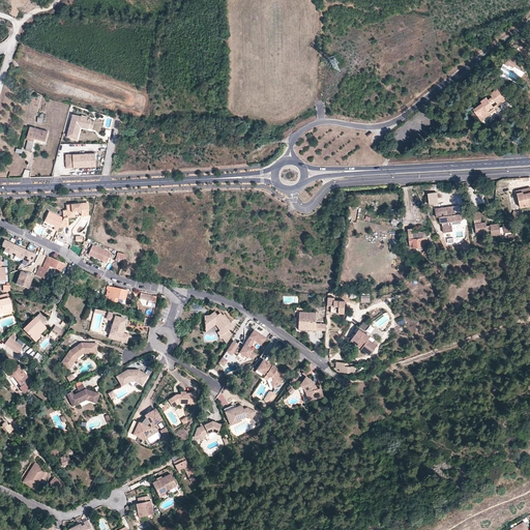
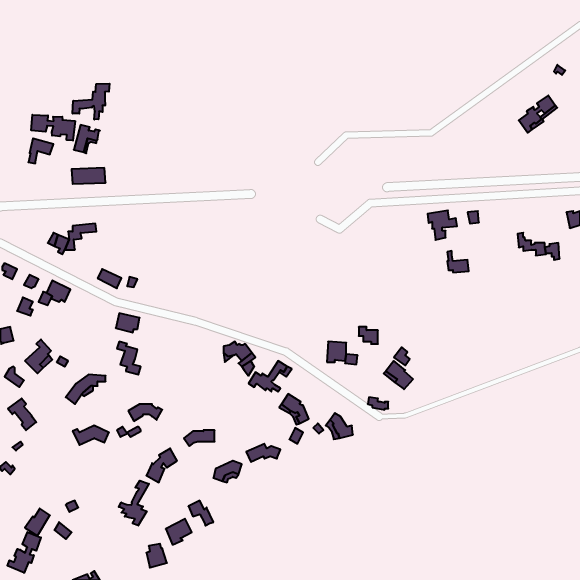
building: none -> [73,84,110,120]
building: none -> [31,115,75,141]
building: [435,206,462,233] -> [428,210,457,240]
building: none -> [119,481,149,526]
building: none -> [7,532,41,573]

